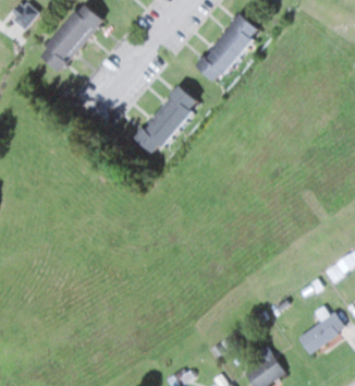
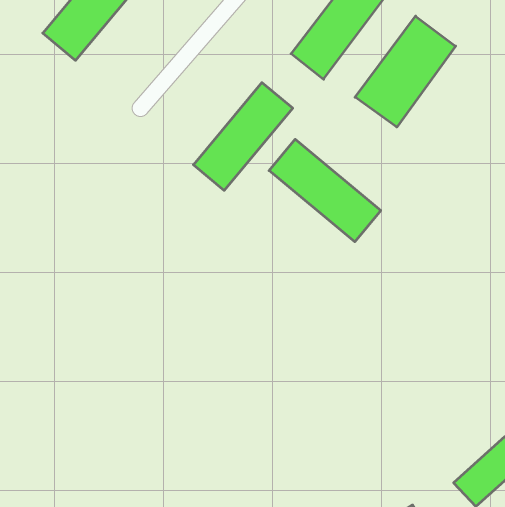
building: none -> [355,16,456,127]
building: none -> [269,139,381,242]

